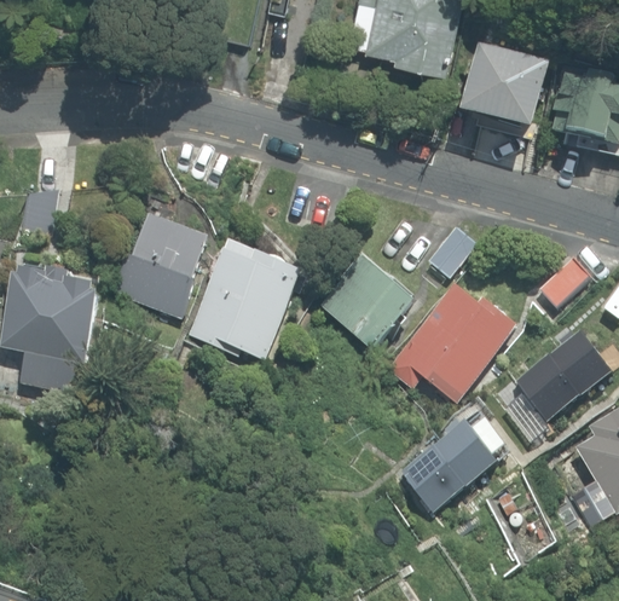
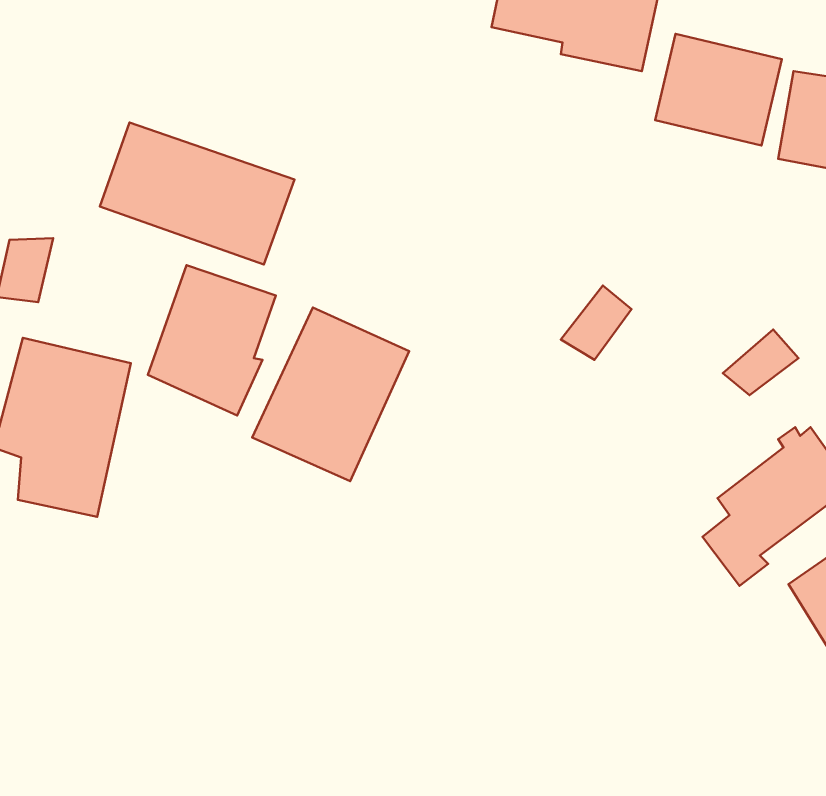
building: none -> [100,123,295,264]
building: [311,252,410,348] -> none
building: [382,277,511,398] -> none
building: [406,418,502,510] -> none

